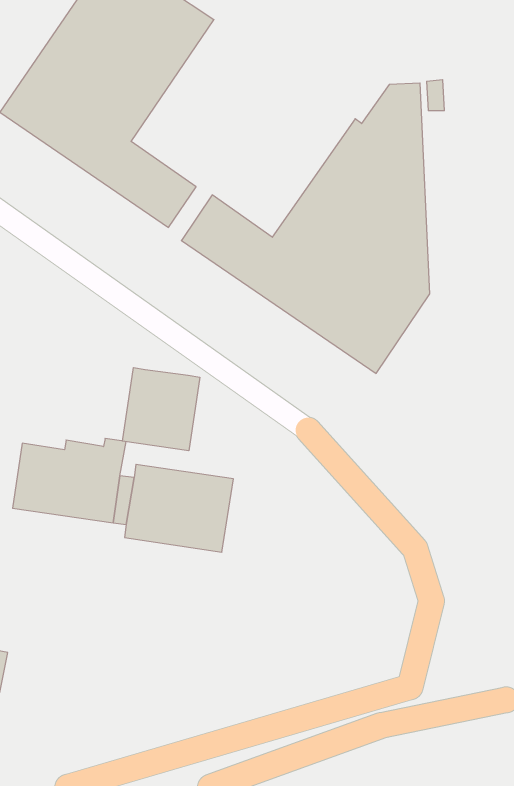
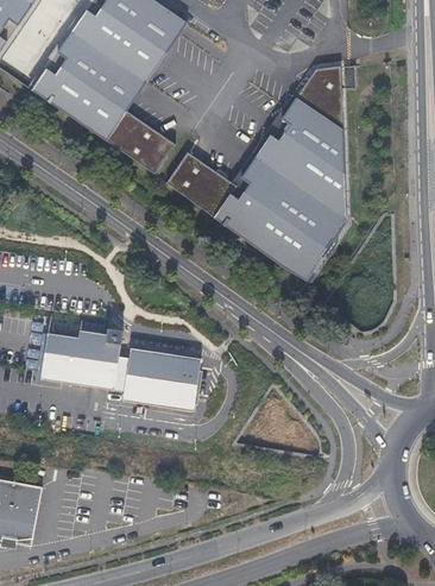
building: [122,368,200,451] -> none

